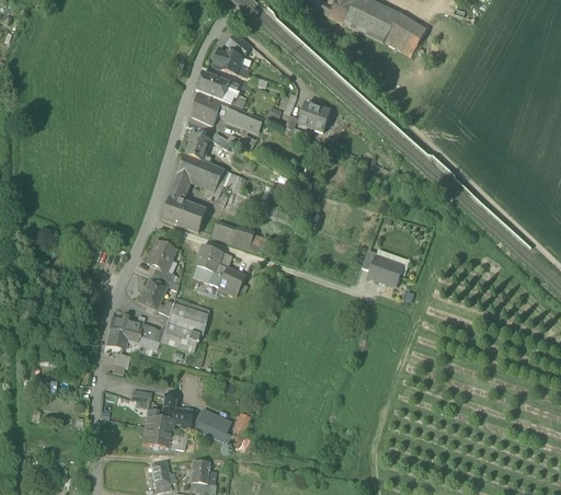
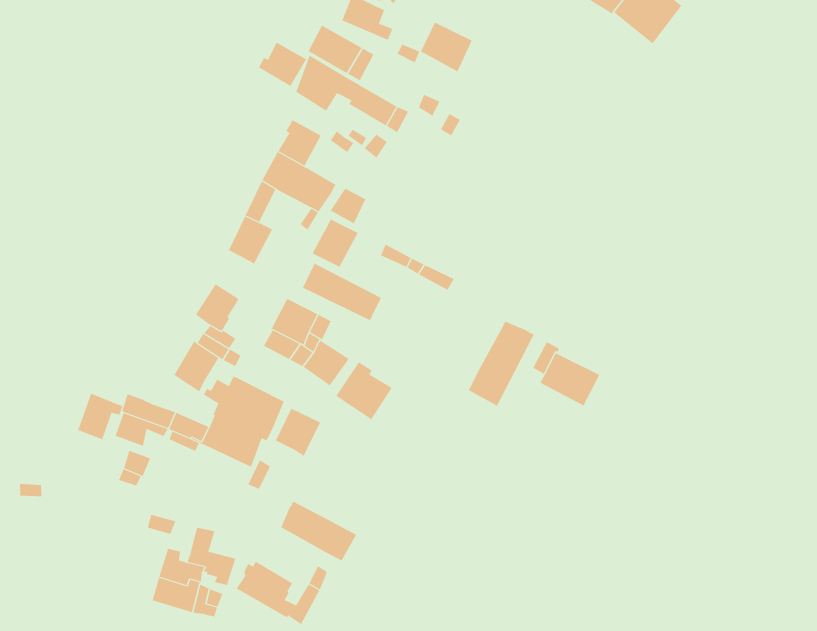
building: none -> [258,42,307,87]
building: [298,103,330,133] -> [420,22,472,72]
building: [180,202,207,231] -> [312,219,358,267]
building: none -> [468,321,535,407]
building: none -> [336,362,392,421]
building: none -> [275,408,321,457]
building: none -> [77,393,124,440]
building: none -> [281,501,357,561]

